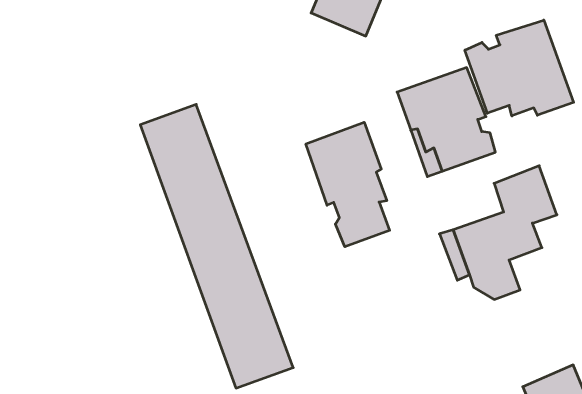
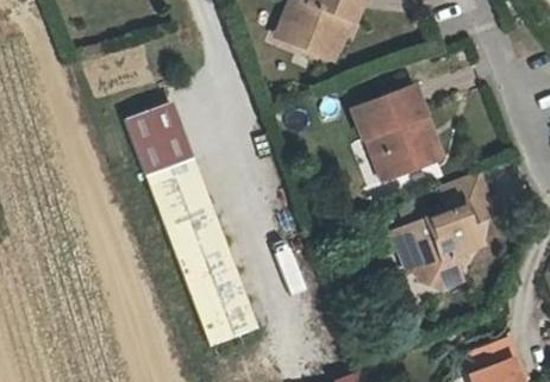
building: [465,20,574,116] -> none
building: [306,122,390,247] -> none

